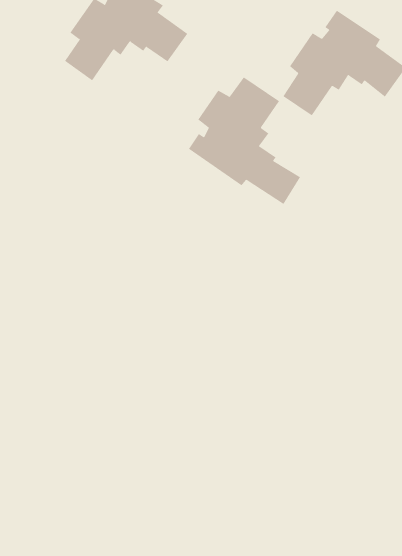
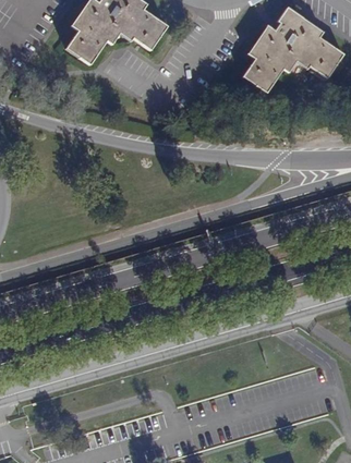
building: [188,76,301,205] -> none

